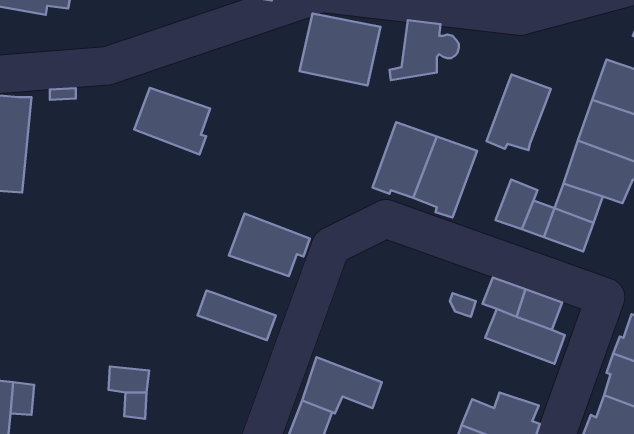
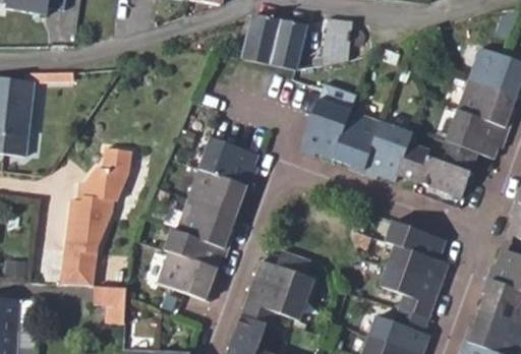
building: [487,75,551,150] -> [361,121,411,180]
building: [134,88,210,154] -> [199,137,258,189]
building: none -> [58,152,131,289]
building: none -> [176,202,234,251]
building: none -> [159,251,217,300]
building: none -> [255,251,315,301]
building: none -> [380,267,441,319]

